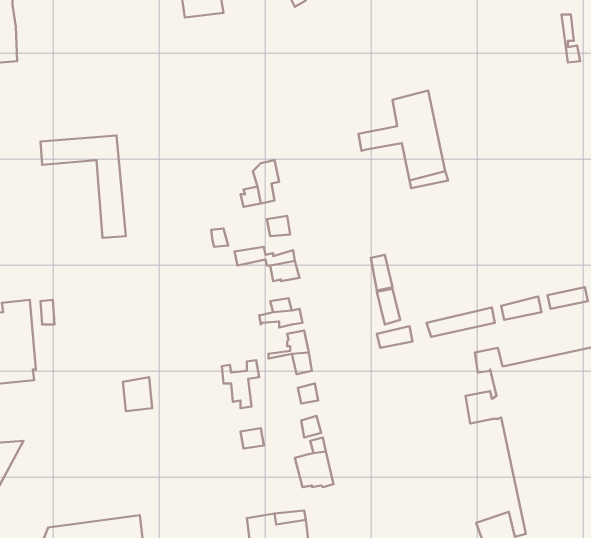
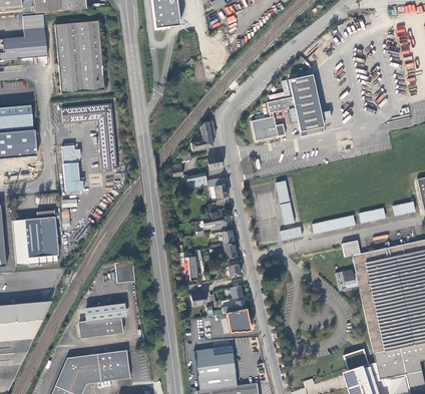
building: none -> [54,20,104,93]
building: none -> [252,117,284,141]
building: none -> [61,143,83,190]
building: none -> [78,304,125,337]

